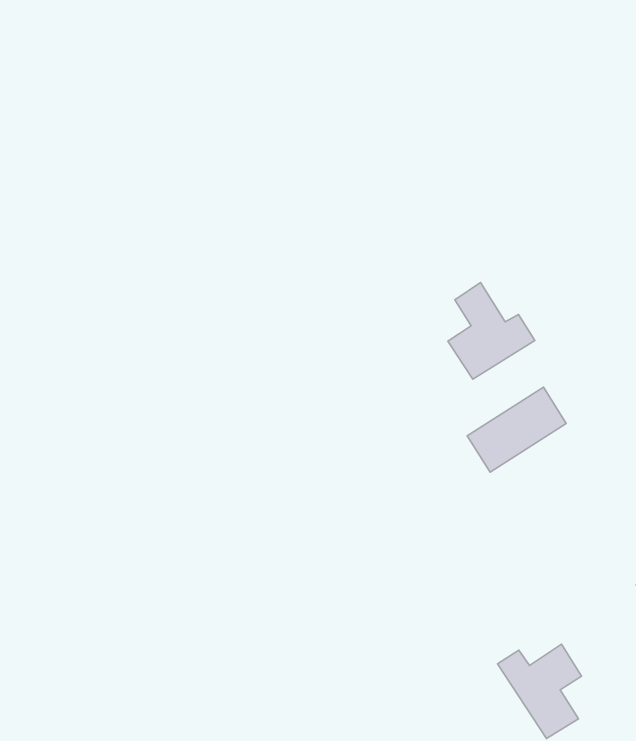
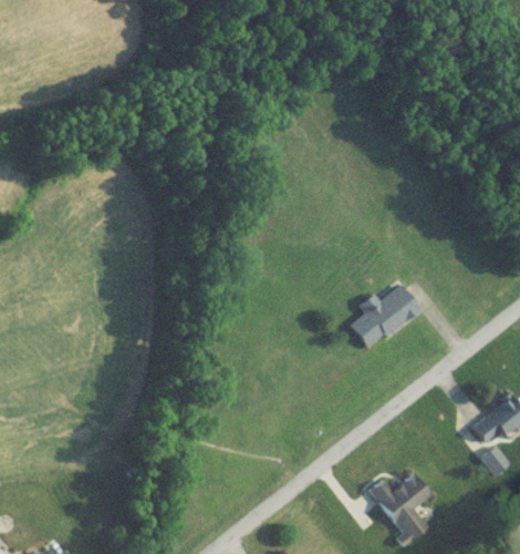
building: [448,283,535,379] -> none

